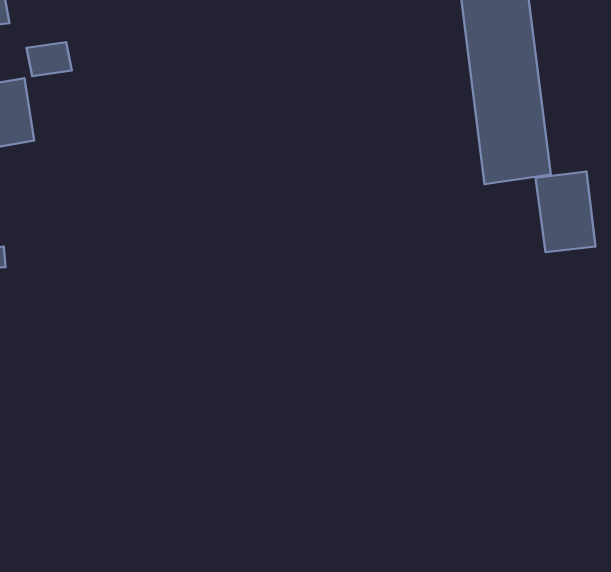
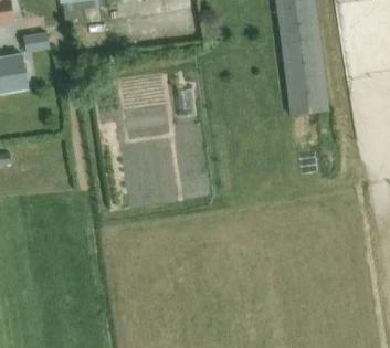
building: [535,172,595,252] -> none

